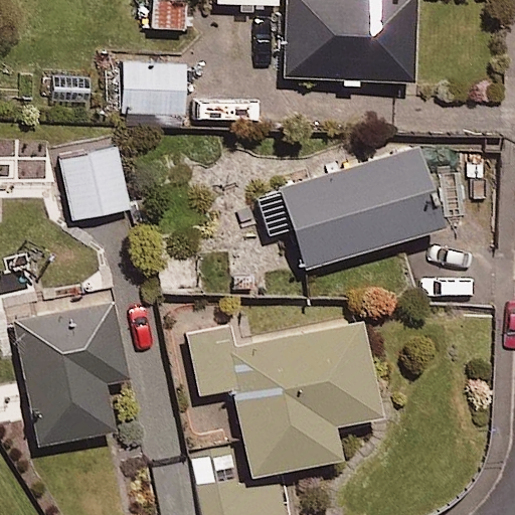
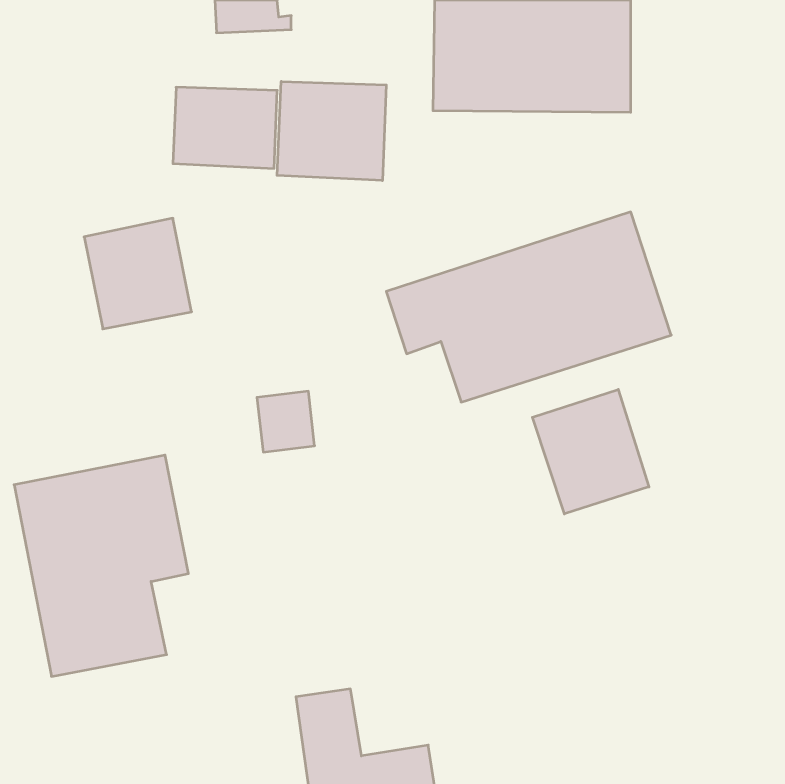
building: none -> [277,81,386,181]
building: none -> [532,389,649,514]
building: [187,322,381,475] -> none

